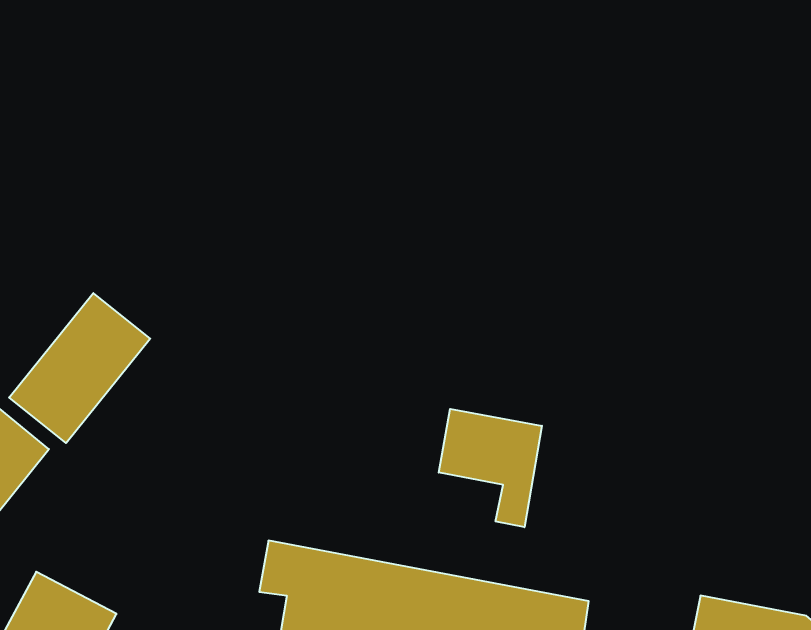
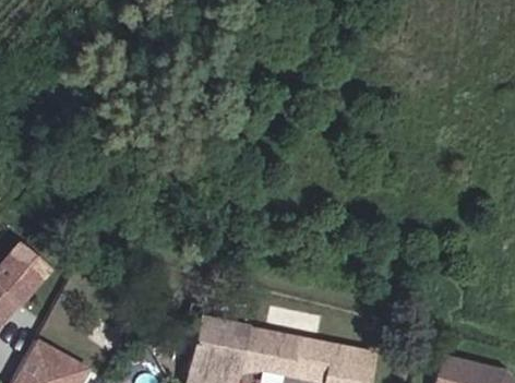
building: [9,293,150,443] -> none
building: [439,409,542,527] -> none

